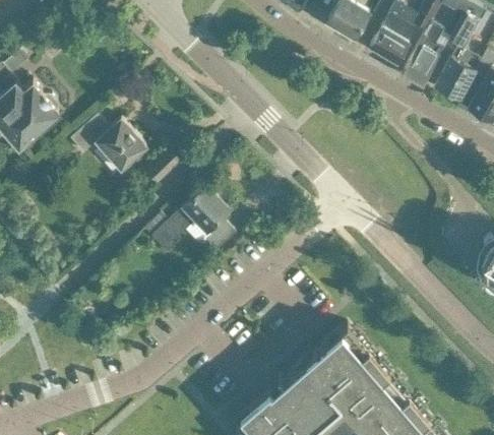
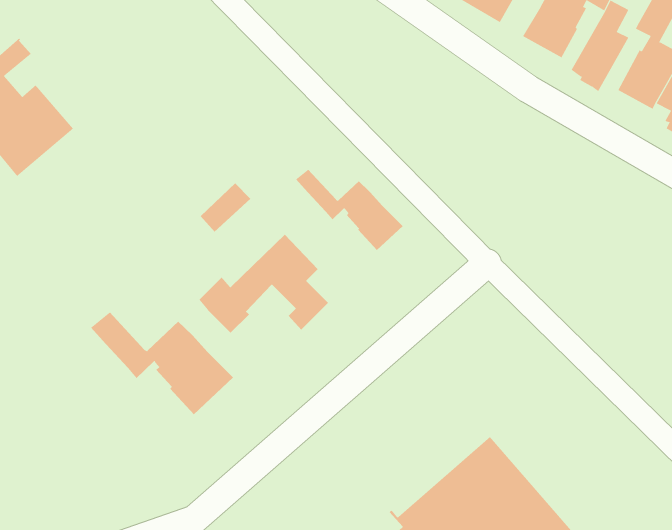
building: [69,121,145,175] -> none
building: none -> [295,169,404,251]
building: none -> [90,311,234,415]

